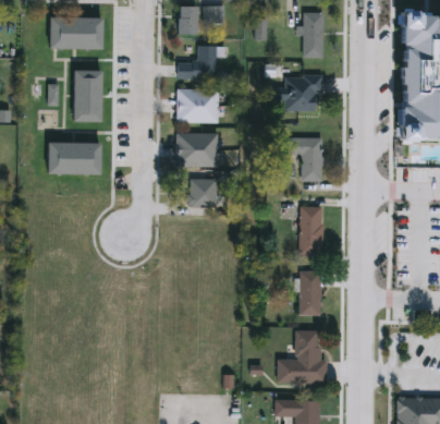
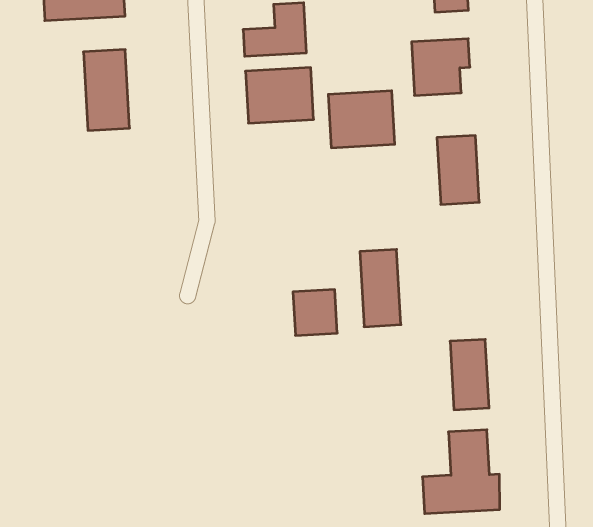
building: [178,133,219,168] -> [328,91,395,148]
building: [46,142,100,173] -> none
building: [190,179,217,207] -> [293,290,337,335]
building: [301,207,325,256] -> [360,249,401,327]

